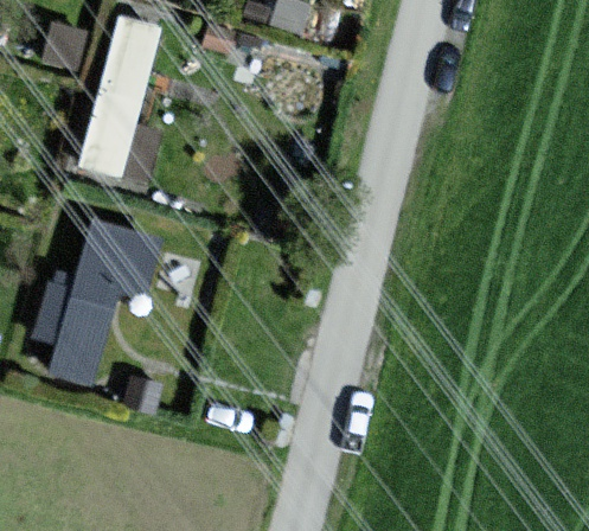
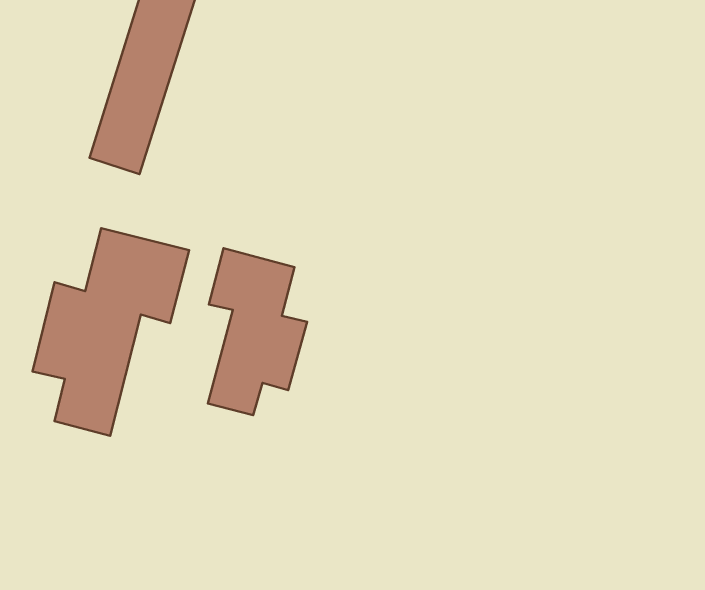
building: none -> [208,248,307,415]

